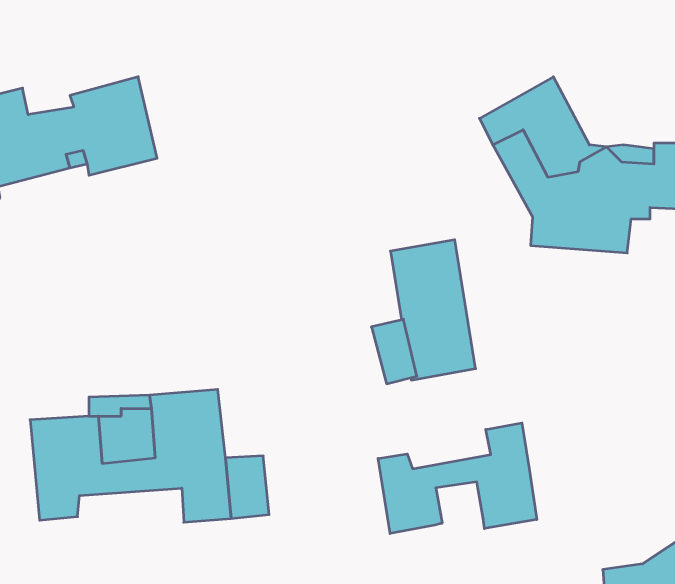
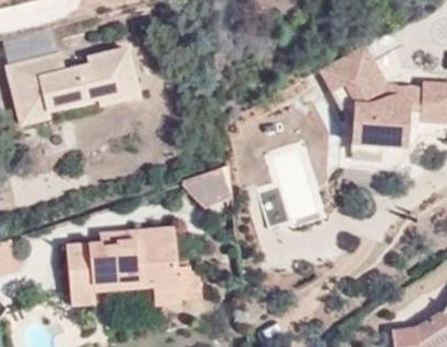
building: none -> [181,166,230,206]
building: [378,423,537,534] -> none

